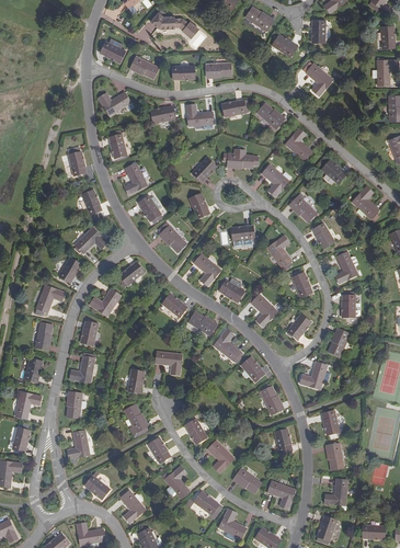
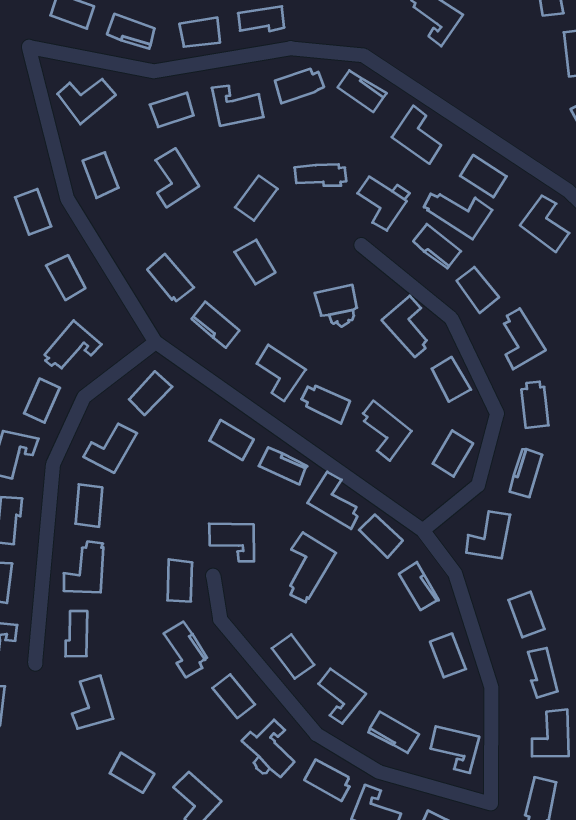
building: [123,162,147,195] -> [155,148,199,207]
building: none -> [424,194,492,239]
building: none -> [290,532,336,602]

